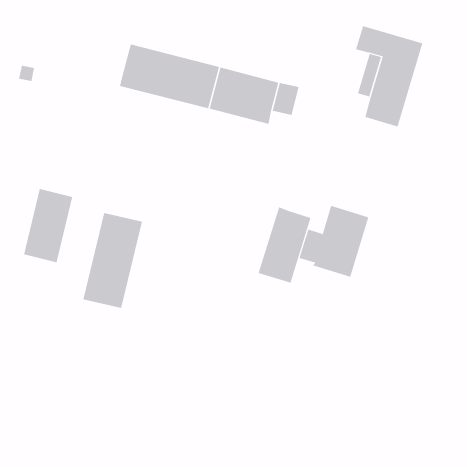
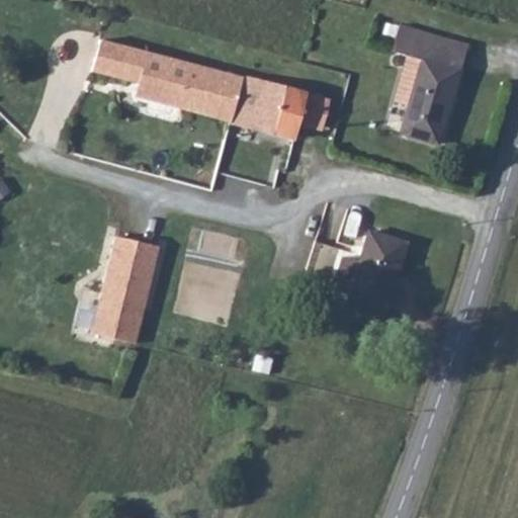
building: none -> [90,37,145,84]
building: [23,188,73,263] -> none
building: [258,206,311,284] -> none

